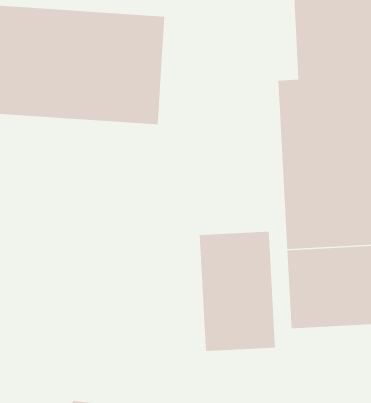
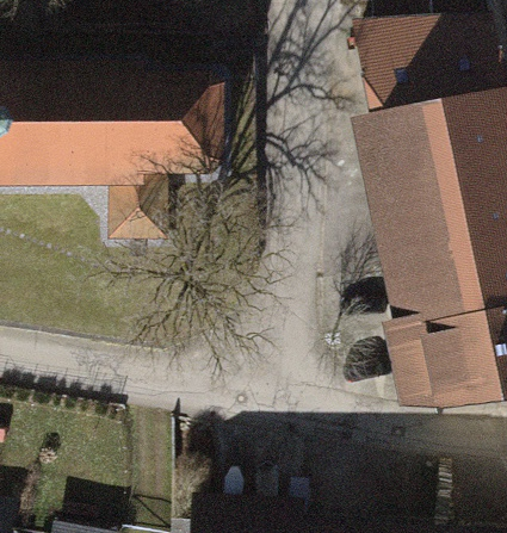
building: [199,231,276,352] -> none

